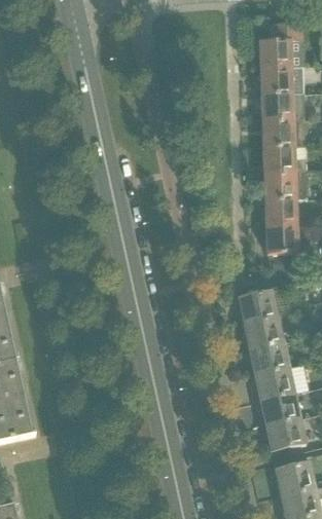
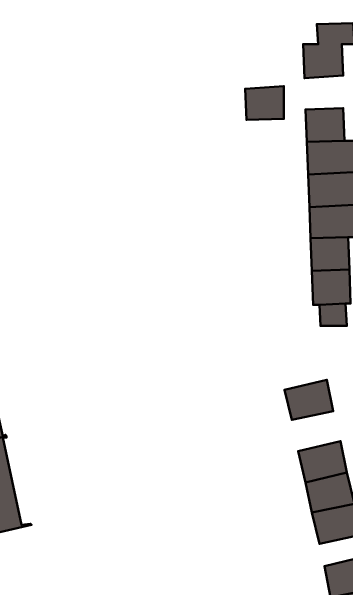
building: [260,66,292,94] -> [245,86,284,120]
building: [238,290,279,324] -> none
building: [250,341,290,374] -> none

